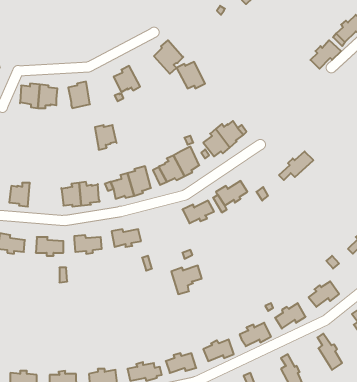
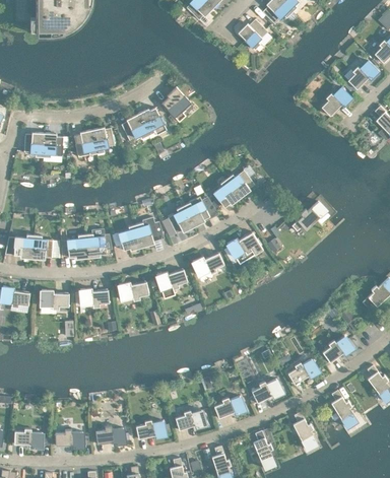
building: [177,62,205,88] -> [136,108,166,135]
building: [95,125,117,150] -> [91,128,114,153]
building: none -> [31,234,52,260]
building: [171,266,202,294] -> [155,269,187,298]

